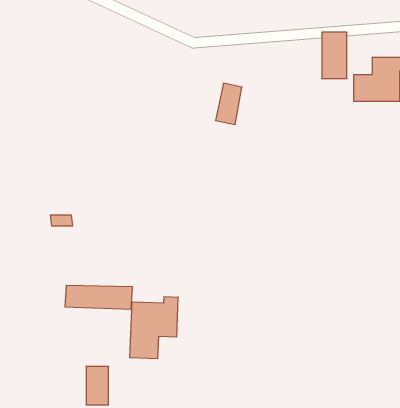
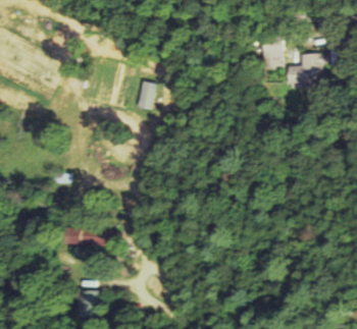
building: [215,83,242,124] -> [136,81,156,113]
building: [130,297,178,359] -> none

